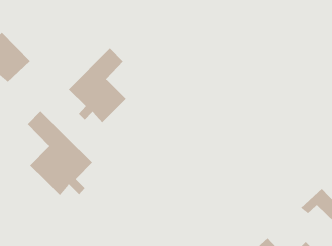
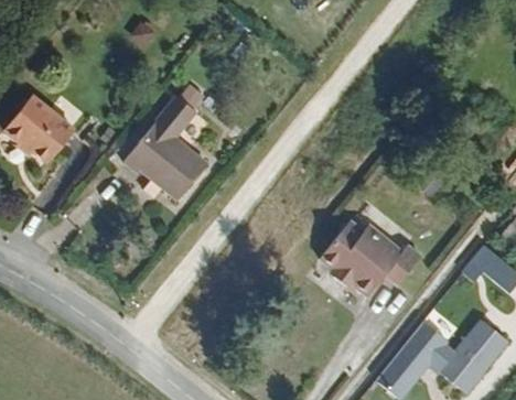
building: [27,110,93,196] -> none
building: none -> [324,223,427,294]

